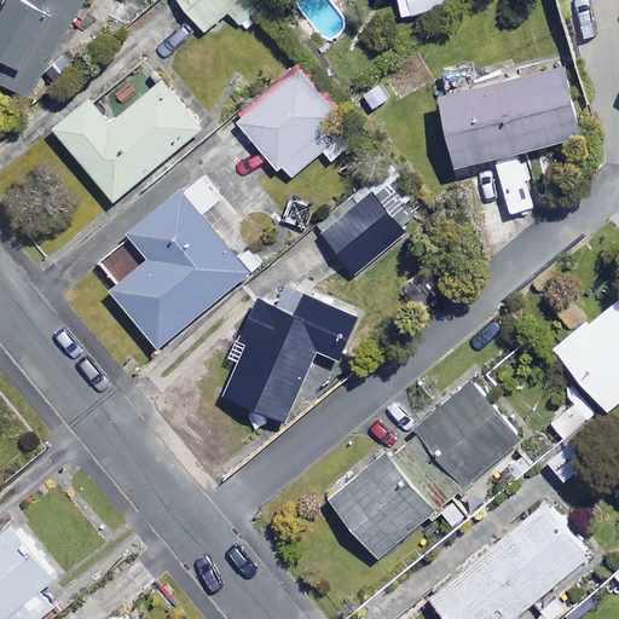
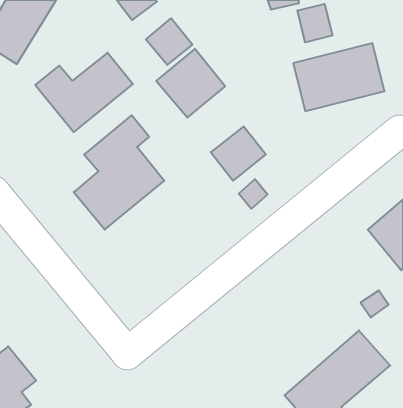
building: none -> [297,4,332,42]
building: none -> [146,18,192,65]
building: [222,285,360,422] -> none
building: [330,384,521,557] -> none

